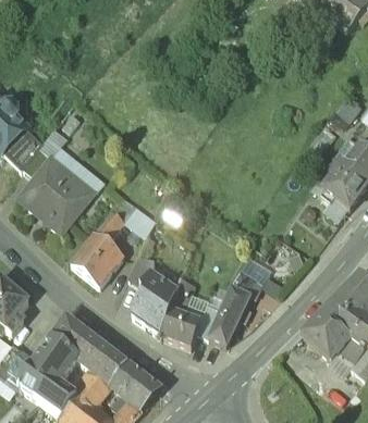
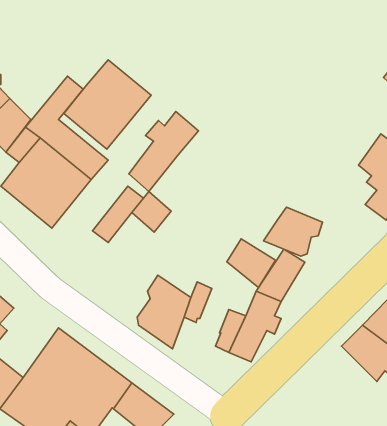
building: none -> [64,60,151,149]
building: none -> [129,111,199,191]
building: none -> [263,207,322,256]
building: [72,234,123,285] -> none
building: none -> [227,239,276,287]
building: [161,307,201,346] -> none

